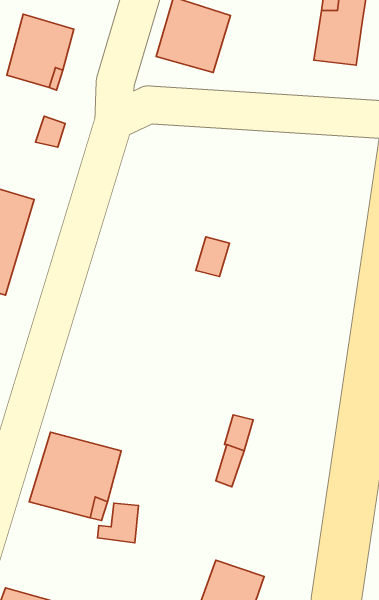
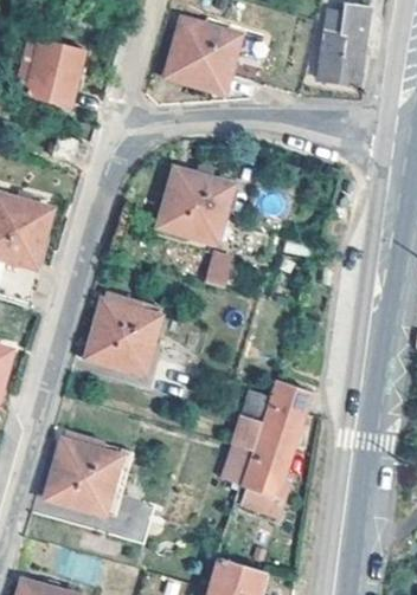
building: none -> [159,169,230,244]
building: none -> [85,292,162,374]
building: none -> [242,380,309,515]

